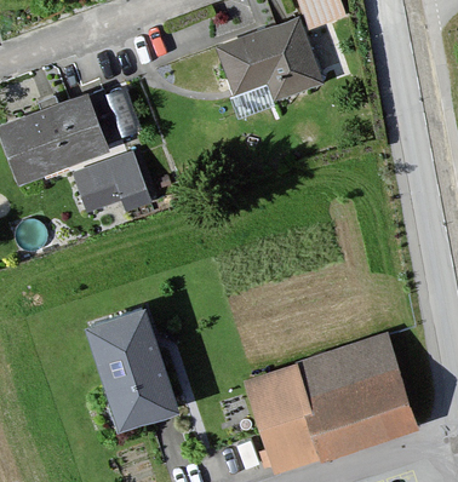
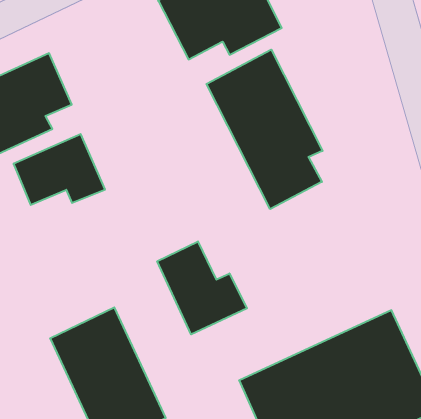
building: none -> [206,50,323,209]
building: none -> [157,241,247,334]

